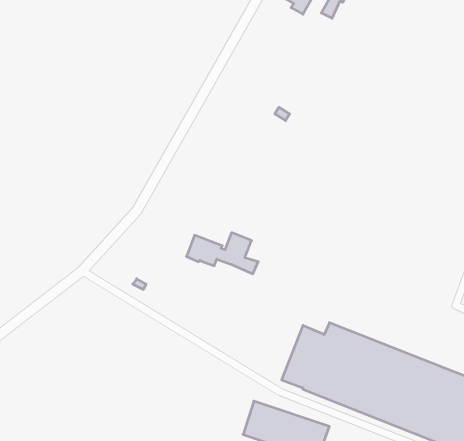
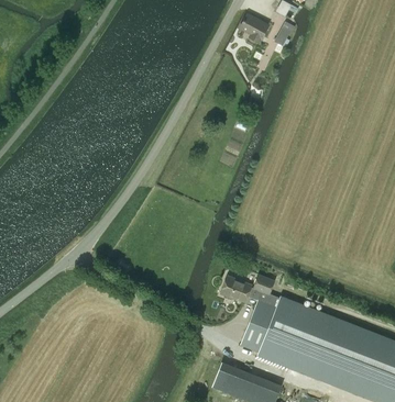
building: [186,233,258,274] -> [221,275,281,309]

